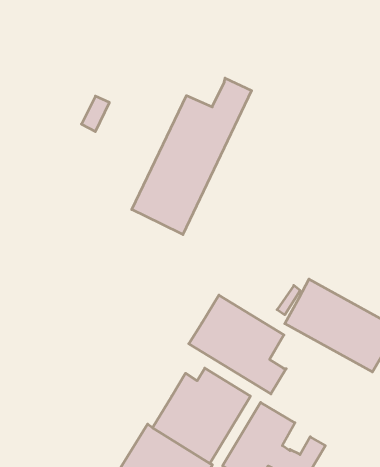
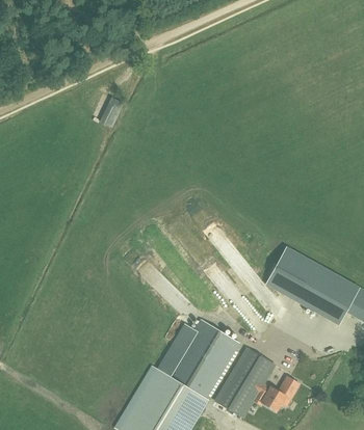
building: [132,78,252,235] -> none
building: [189,295,286,394] -> none

